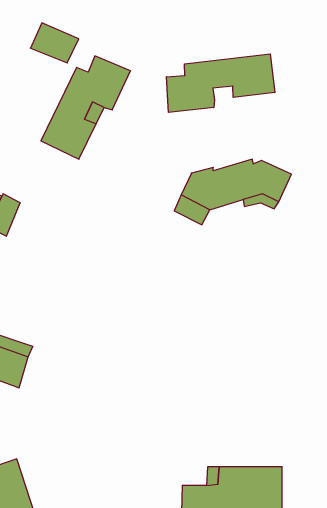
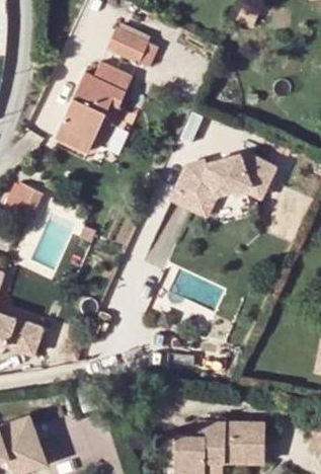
building: [30,23,79,63] -> [106,26,149,62]
building: [167,54,275,112] -> none

